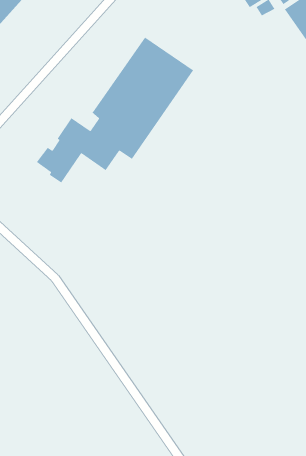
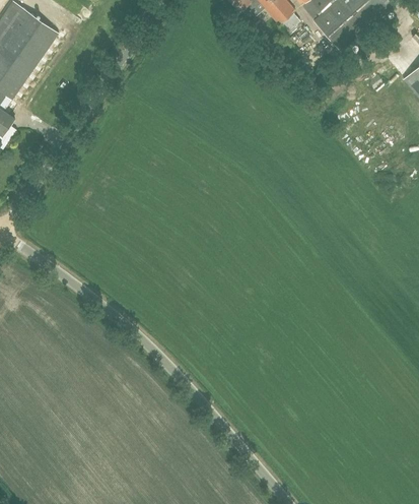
building: [36,36,194,184] -> none

